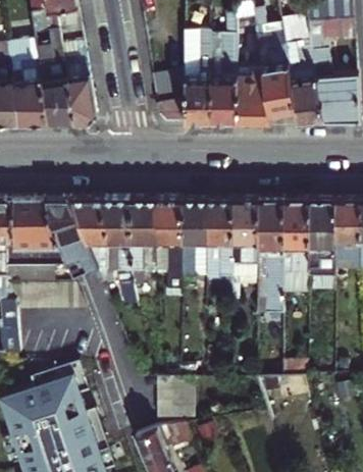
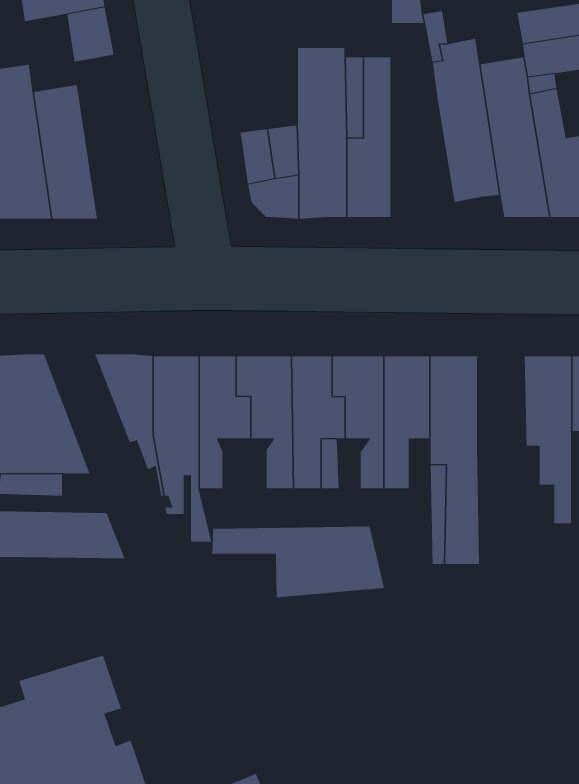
building: [61,44,96,124] -> none
building: [236,59,271,123] -> none
building: [44,199,98,265] -> none
building: [283,200,310,275] -> none
building: none -> [212,526,385,598]
building: [159,375,196,416] -> none

